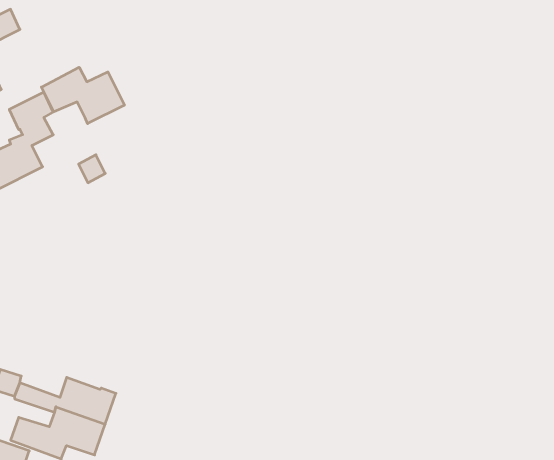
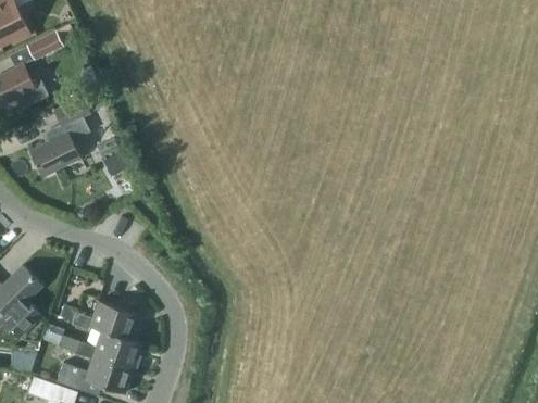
building: [41,67,124,124] -> none
building: none -> [70,300,136,339]

